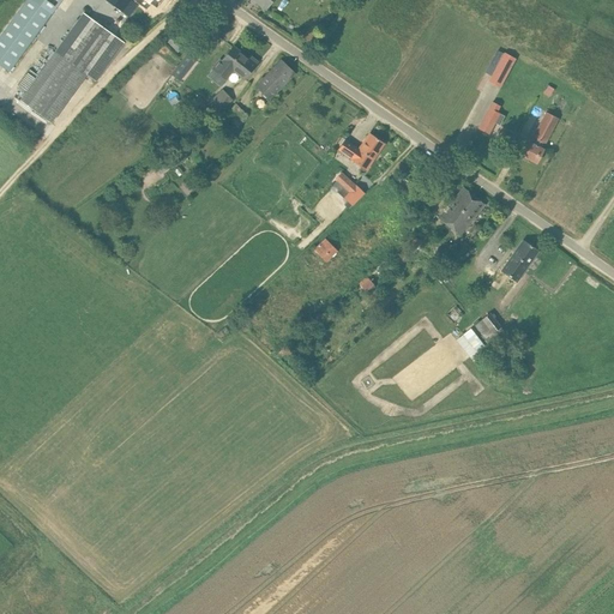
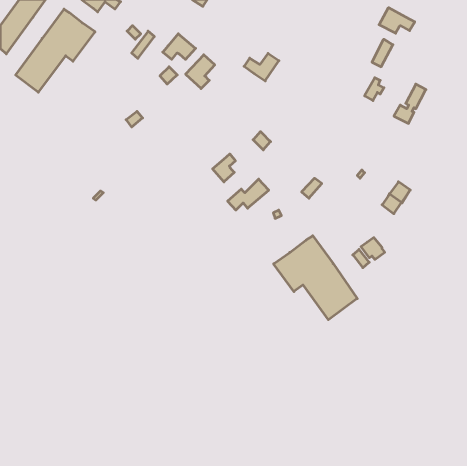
building: none -> [379,8,415,33]
building: [338,132,384,168] -> [244,53,279,81]
building: [438,186,484,234] -> none
building: none -> [213,154,235,182]
building: none -> [274,236,357,320]

